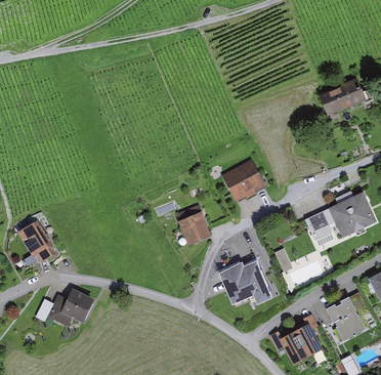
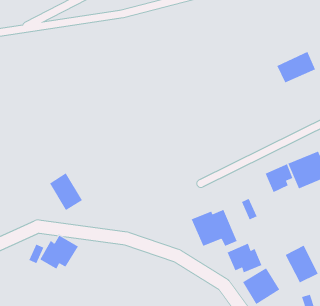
building: [221,161,265,202] -> none
building: [177,206,209,244] -> none
building: [17,221,55,264] -> [49,173,83,211]
building: none -> [227,243,262,273]

